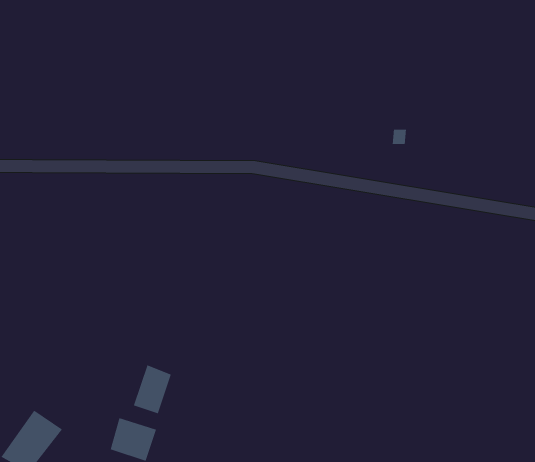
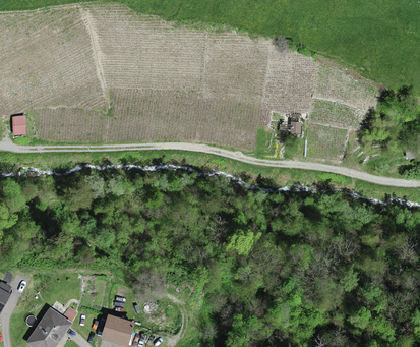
building: [133,364,171,414] -> none

